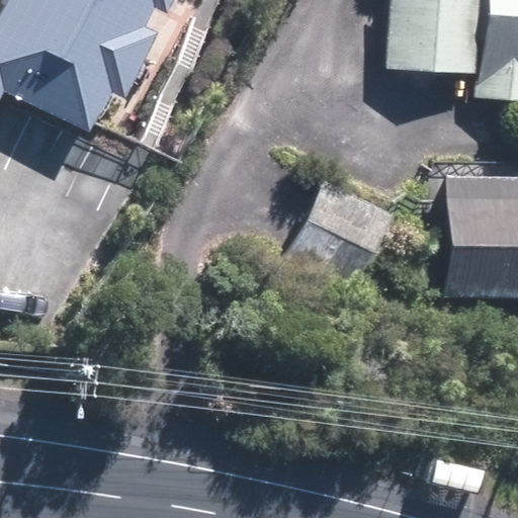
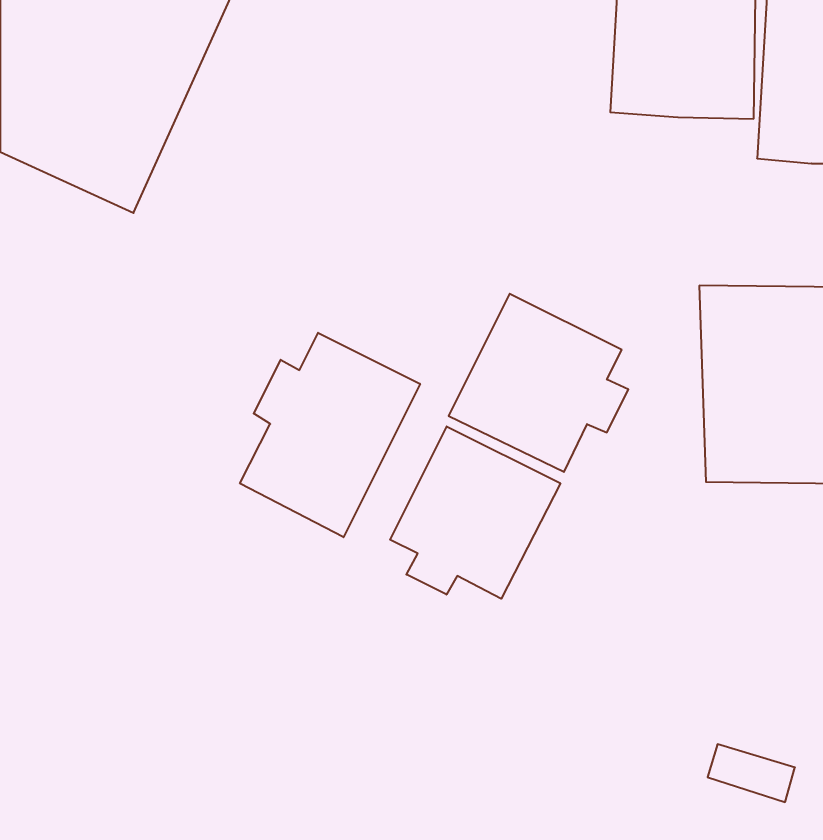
building: none -> [240,333,420,537]
building: none -> [390,426,560,599]

